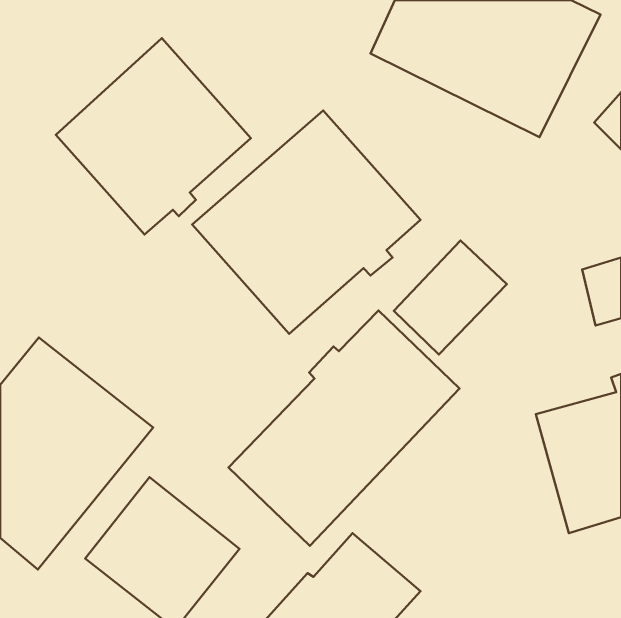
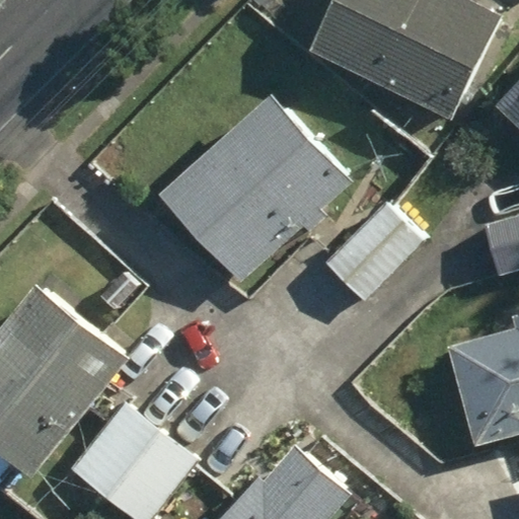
building: [56,38,251,235] -> none
building: [229,310,460,546] -> none

